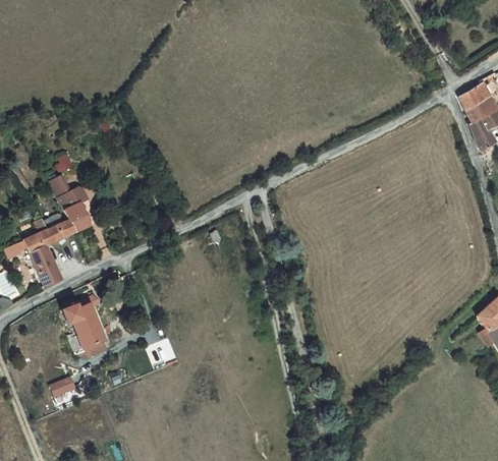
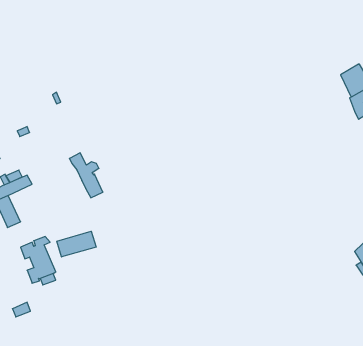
building: [50,175,92,231] -> [69,153,103,198]
building: none -> [57,231,96,257]

